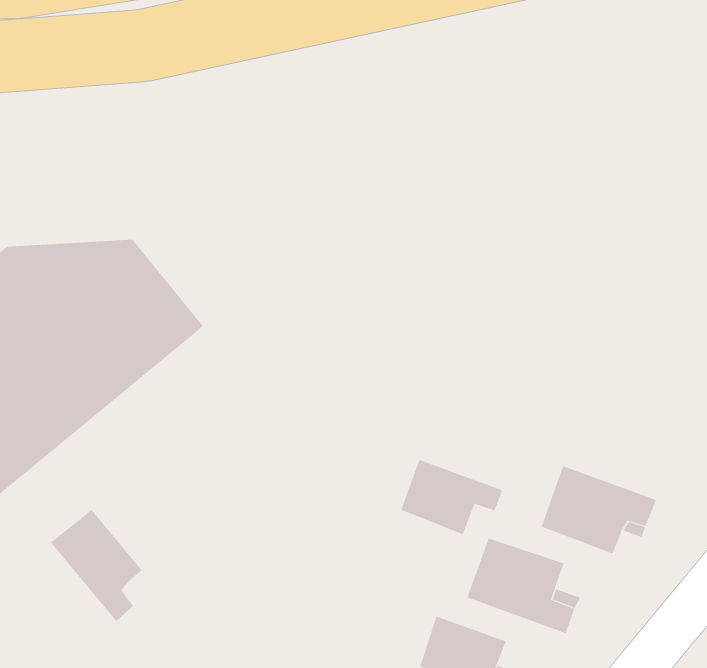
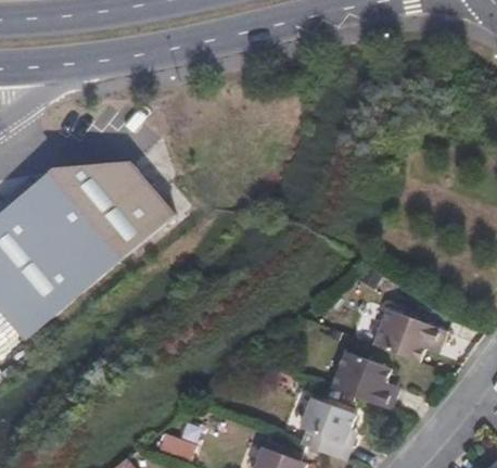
building: [400,459,503,535] -> none
building: [50,509,143,622] -> none

